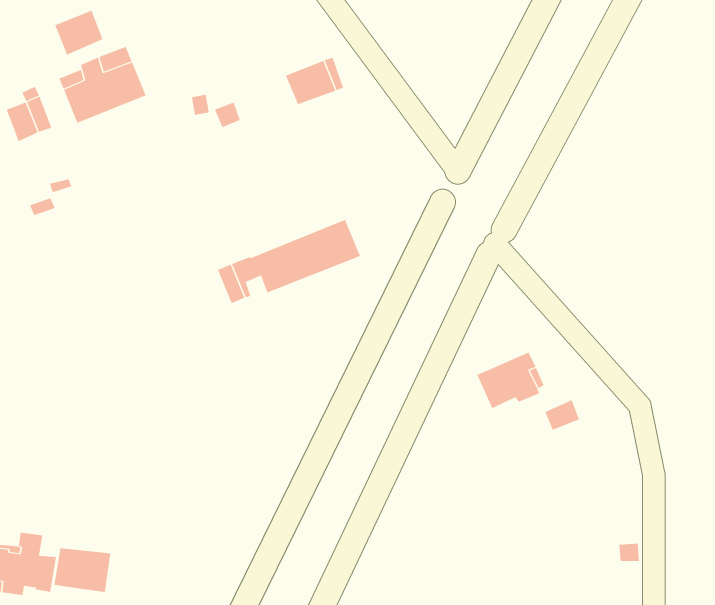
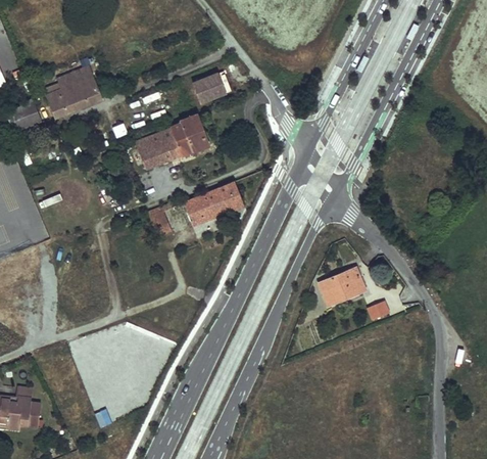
building: [54,10,103,56] -> none
building: none -> [137,116,207,166]
building: [54,547,111,593] -> none

